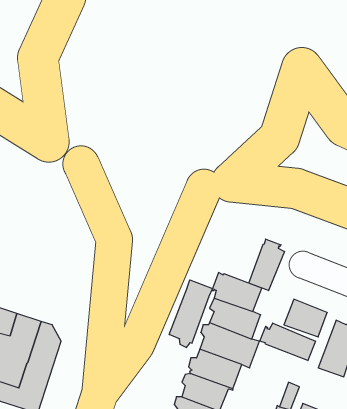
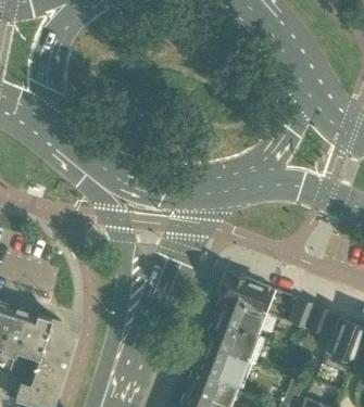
building: [249,239,284,291] -> none
building: [169,280,213,348] -> none
building: [260,323,315,361] -> none

